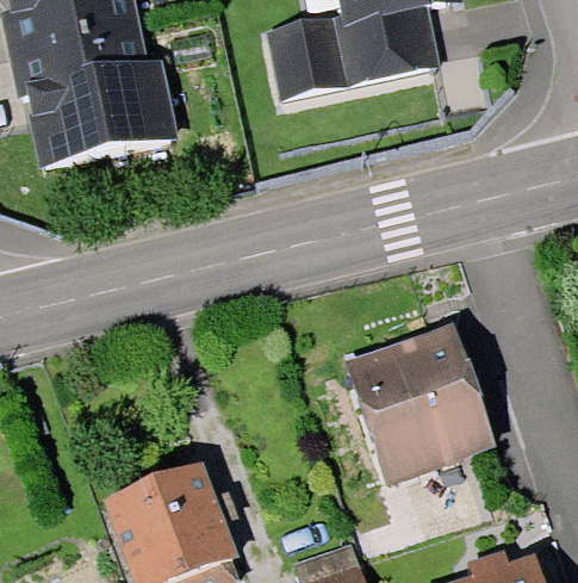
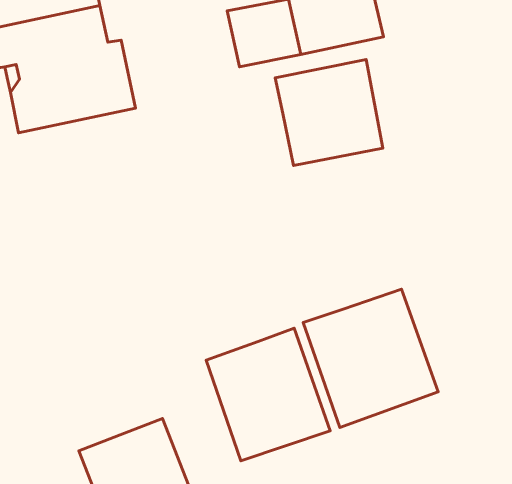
building: none -> [275,60,383,166]
building: none -> [206,328,330,461]

